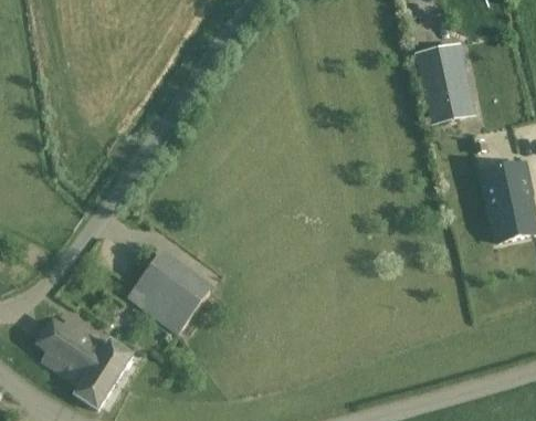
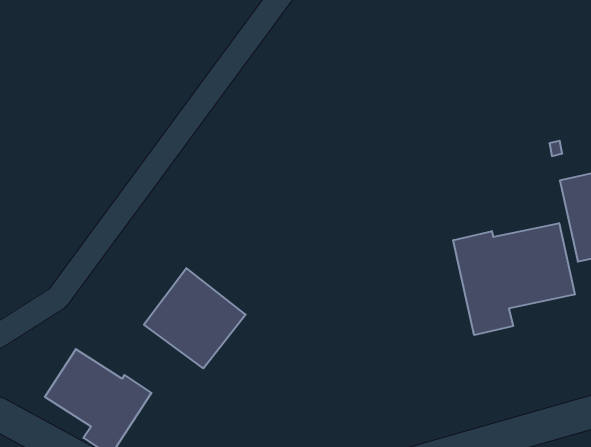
building: [414,42,472,122] -> none
building: none -> [453,223,575,335]

